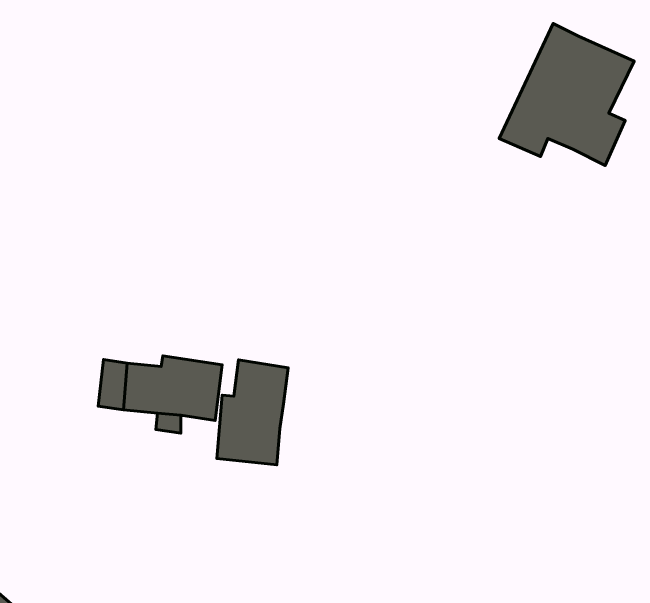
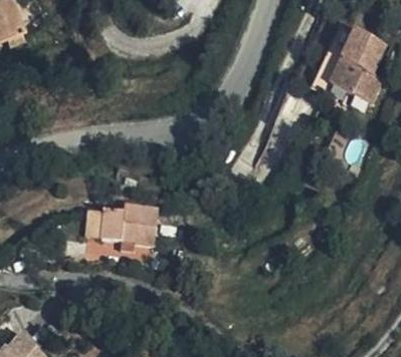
building: [217,360,288,465] -> none

